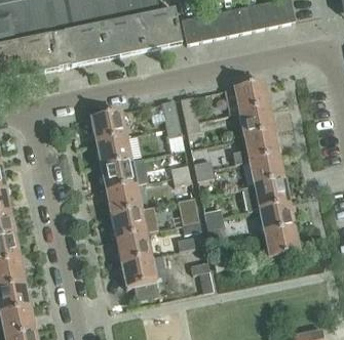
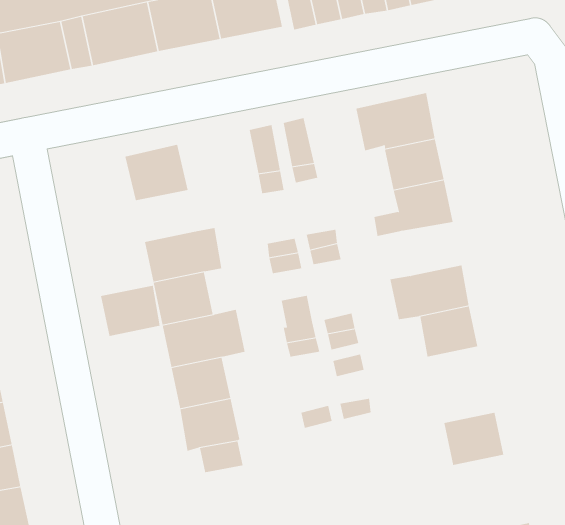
building: [94,136,129,166] -> [100,285,161,337]
building: [249,155,283,185] -> none
building: [263,226,298,257] -> [444,412,504,465]

